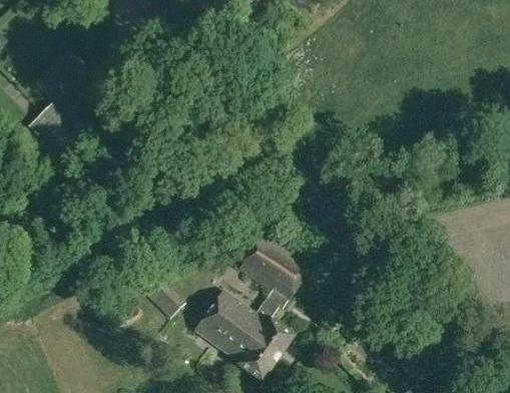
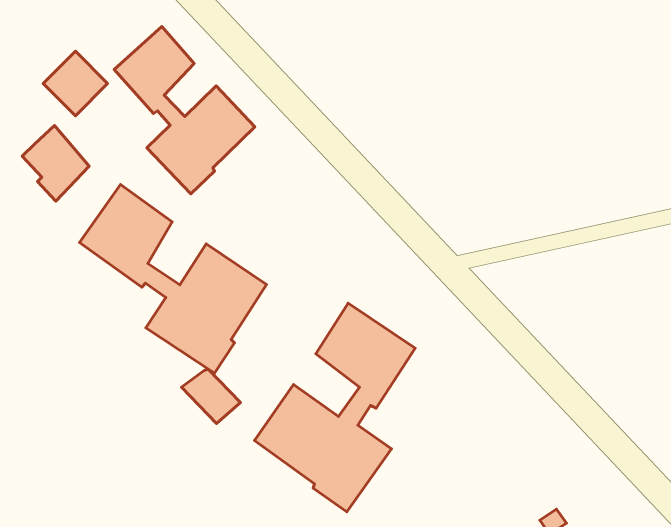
building: none -> [114,26,255,194]
building: none -> [79,185,267,373]

